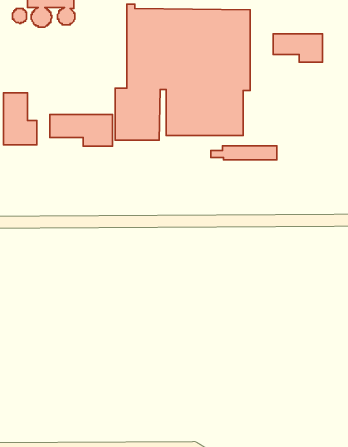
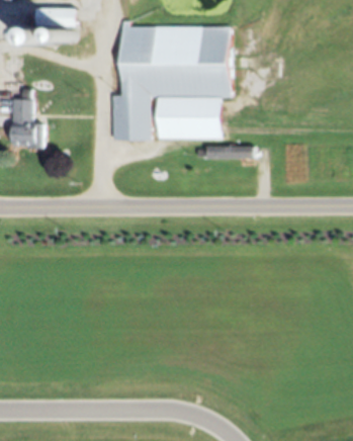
building: [273,34,322,62] -> none
building: [50,114,112,146] -> none

